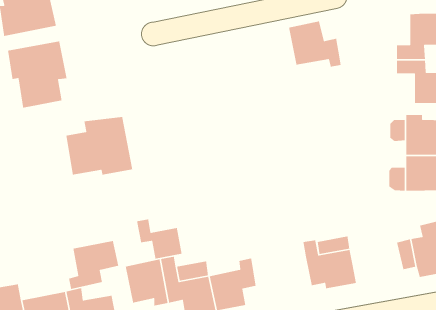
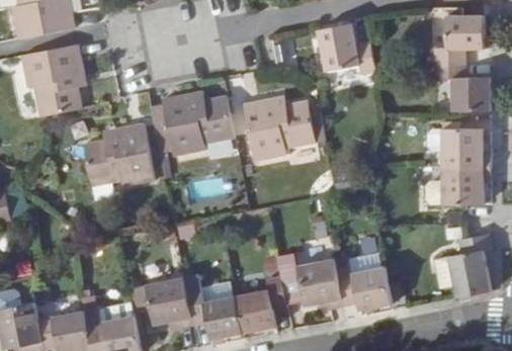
building: none -> [152,90,235,155]
building: none -> [245,95,318,160]
building: [136,219,183,259] -> none
building: [68,240,119,290] -> none
building: none -> [297,257,343,308]

